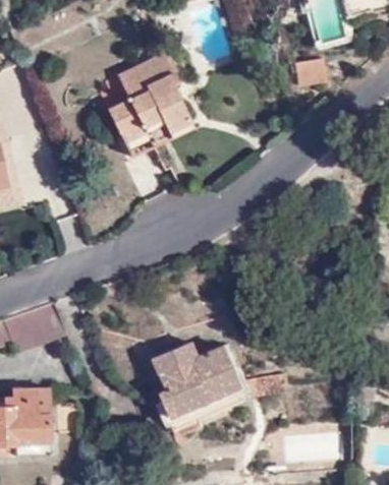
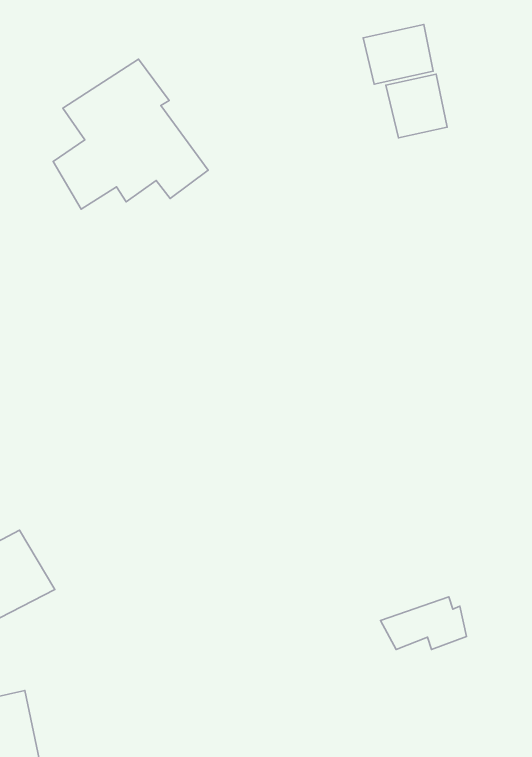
building: none -> [386,74,447,138]
building: [153,347,243,429] -> none

